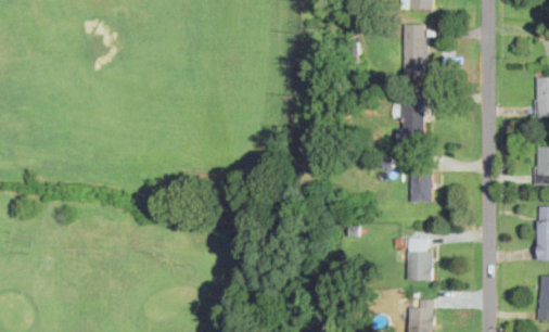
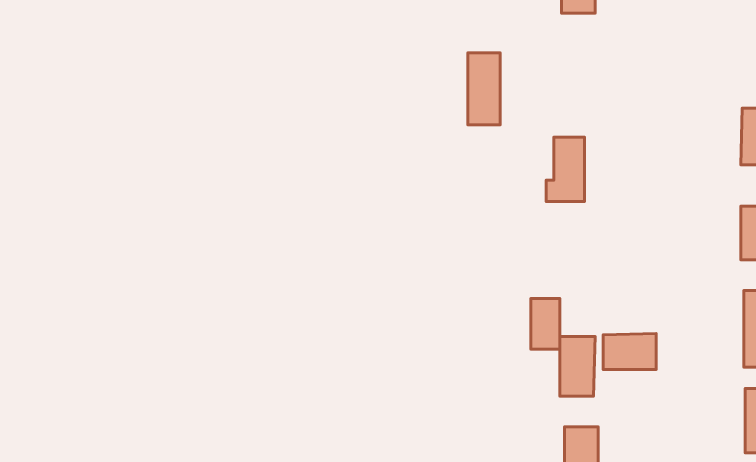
building: [404,25,426,76] -> [468,53,500,125]
building: [411,166,432,202] -> [531,299,560,349]
building: none -> [603,333,656,370]

